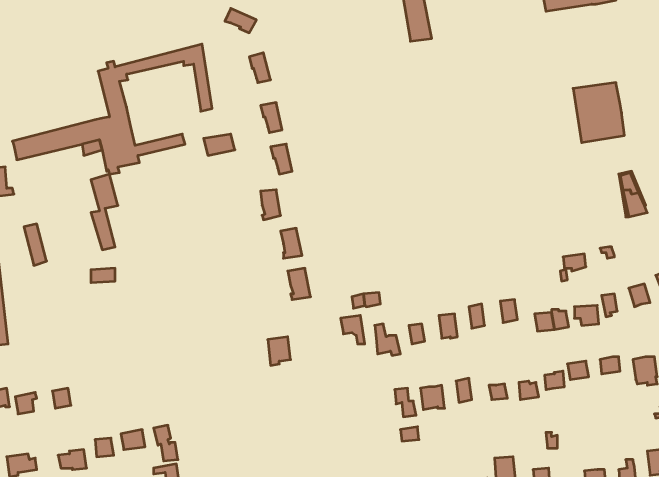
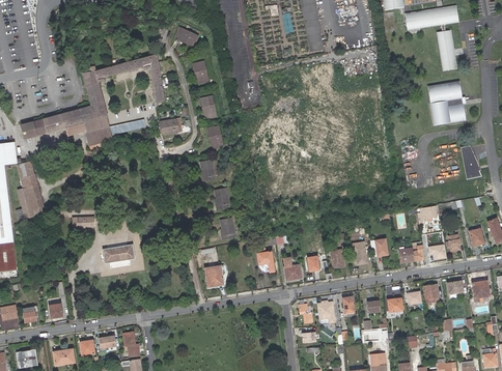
building: none -> [437,30,456,70]
building: [91,174,118,250] -> [18,162,37,217]
building: none -> [102,244,135,263]

